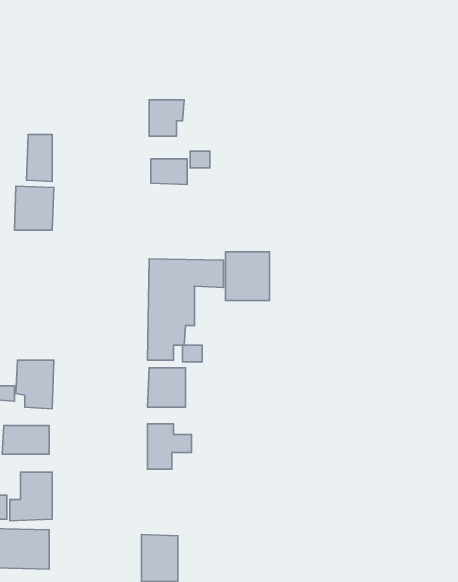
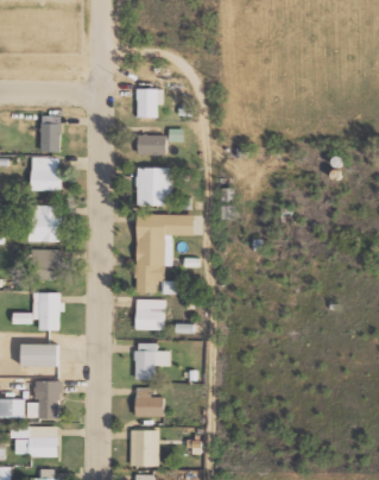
building: none -> [27,206,59,242]
building: [226,252,270,300] -> [135,168,170,206]
building: none -> [30,250,59,280]
building: none -> [134,389,163,417]

